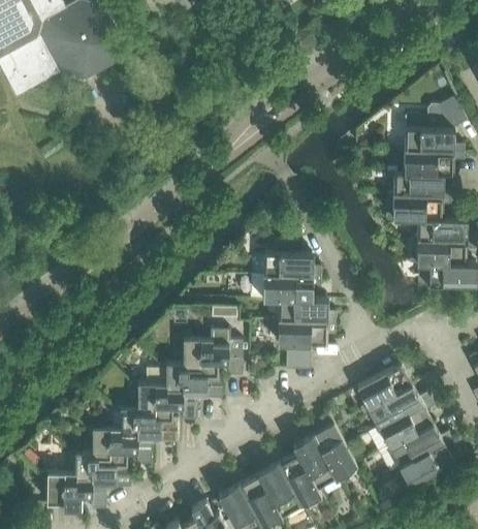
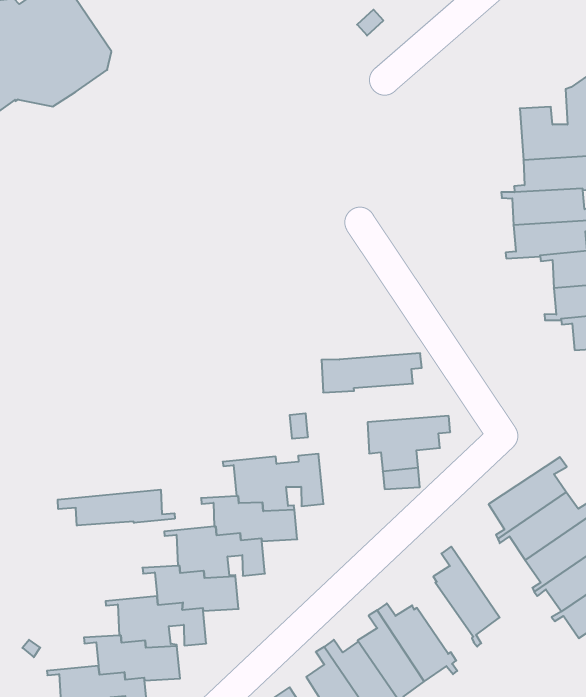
building: [262,241,320,278] -> none
building: [270,298,334,323] -> none
building: none -> [58,490,175,526]
building: [292,426,337,489] -> none

